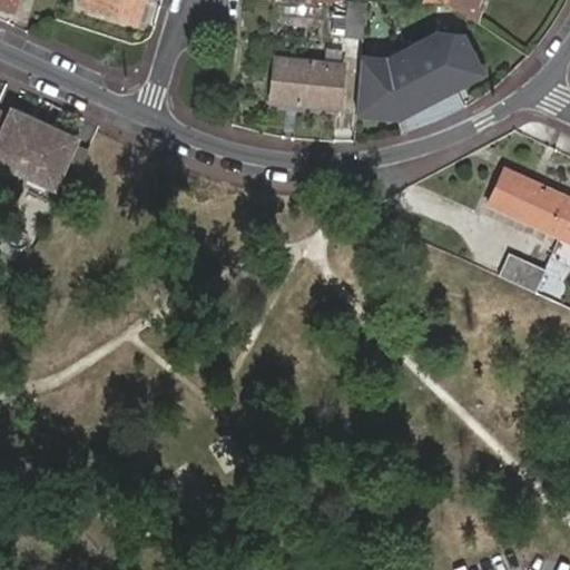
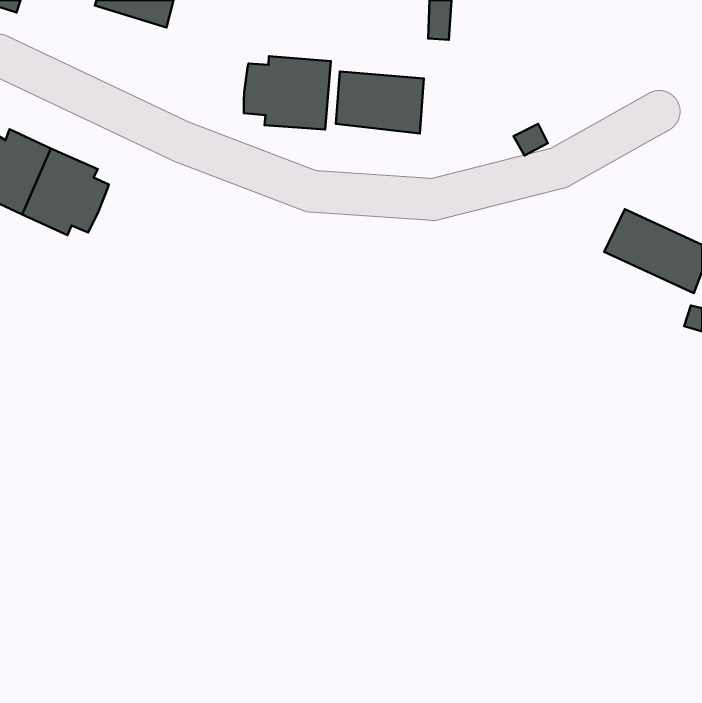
building: [357,33,481,116] -> none
building: none -> [244,56,331,130]
building: [499,254,547,293] -> none

